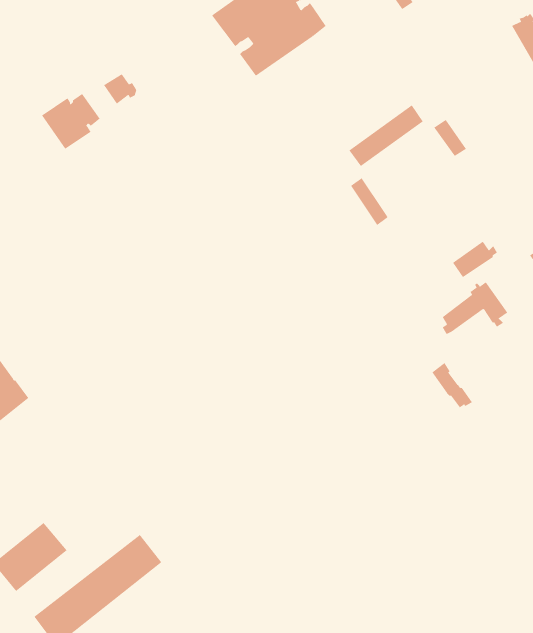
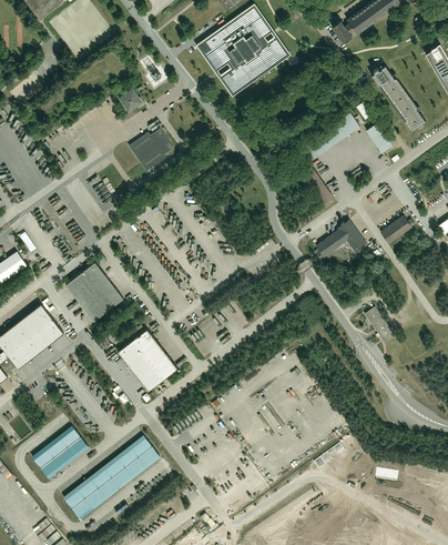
building: none -> [370,65,425,132]
building: [41,93,100,149] -> [128,129,172,171]
building: [442,281,508,335] -> [315,220,365,260]
building: none -> [64,262,122,321]
building: none -> [116,330,176,392]

